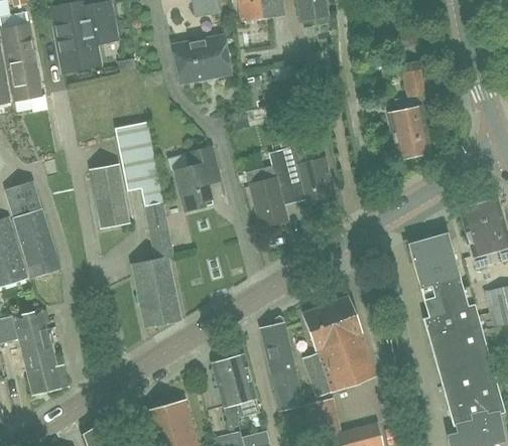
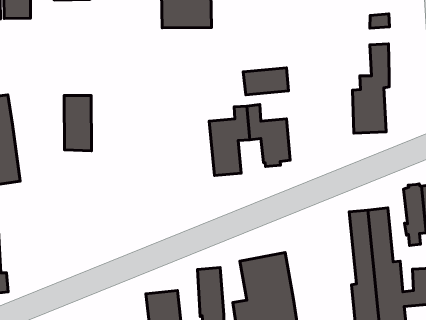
building: none -> [243,68,288,95]
building: [117,122,179,327] -> none
building: [175,146,220,210] -> none

